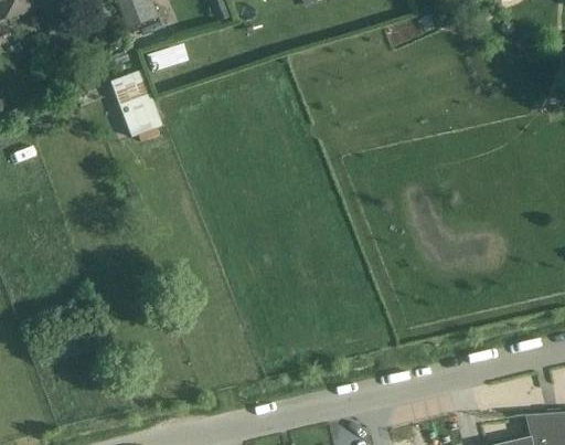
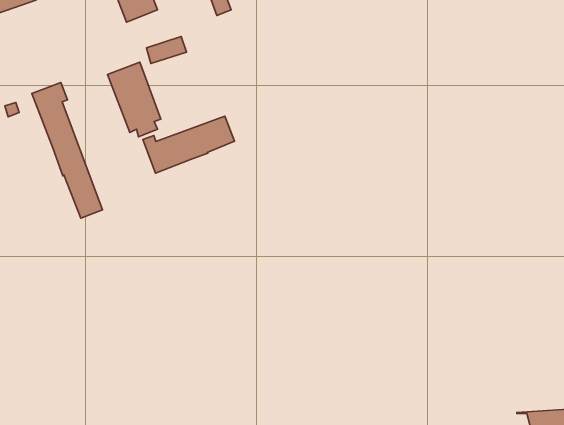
building: none -> [32,83,103,218]
building: none -> [143,116,234,173]

